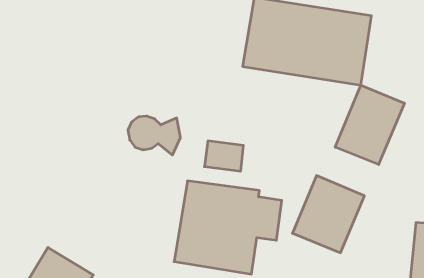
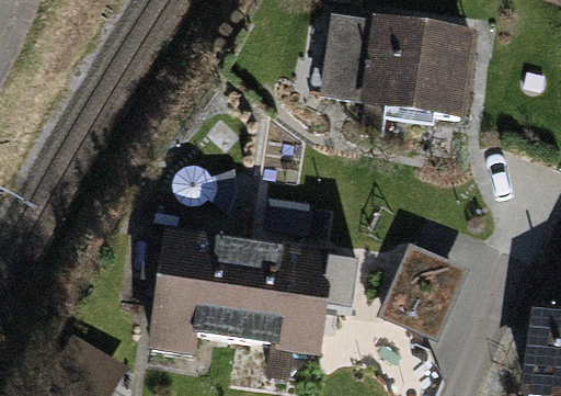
building: [335,85,404,165] -> none
building: none -> [151,230,249,357]

